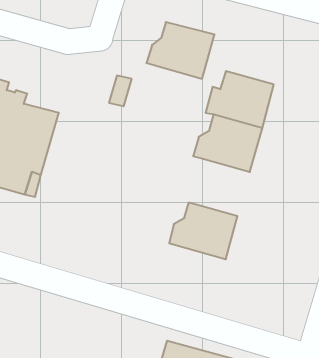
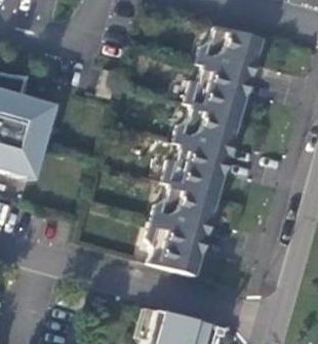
building: [146,22,215,79] -> [201,26,263,77]
building: none -> [167,144,230,196]
building: none -> [152,221,208,274]

